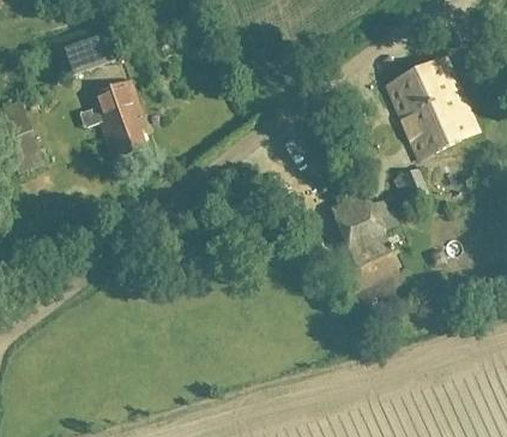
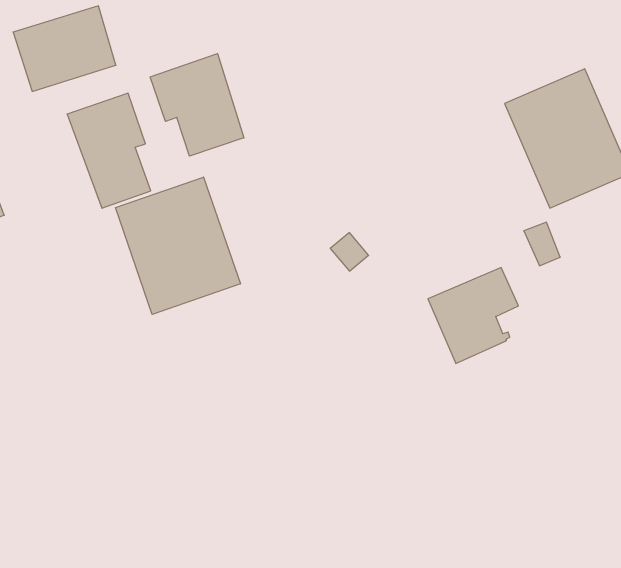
building: none -> [150,54,244,156]
building: none -> [115,177,240,314]

